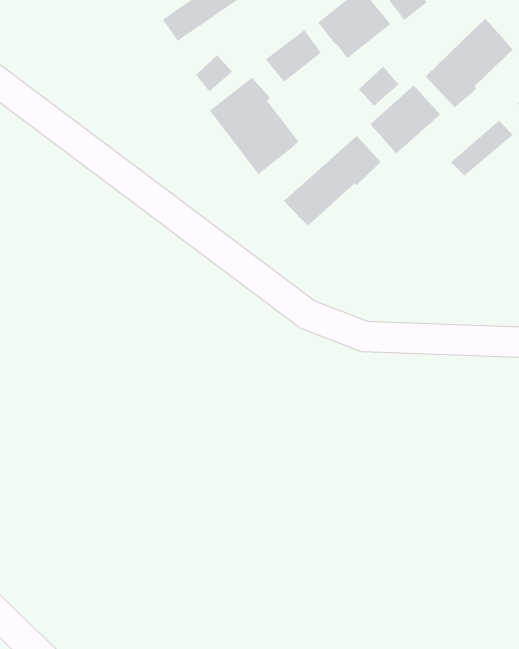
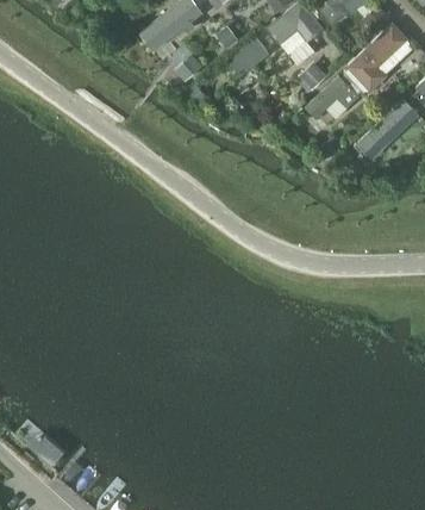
building: [209,77,300,175] -> none
building: [283,135,382,226] -> none

